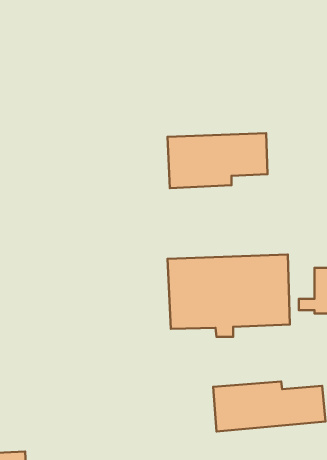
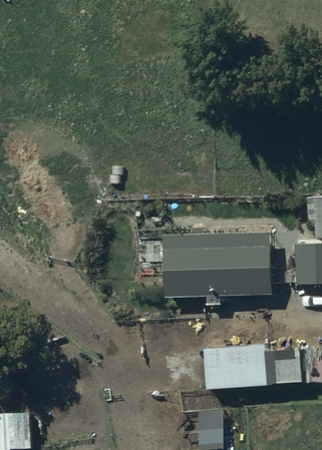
building: [167,133,268,188] -> none

